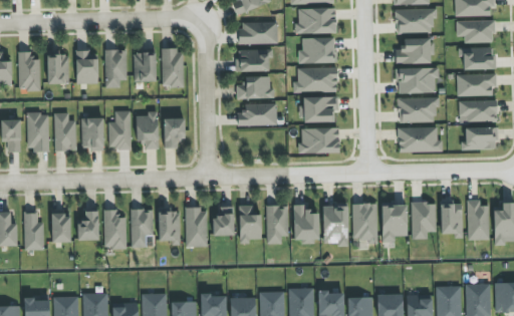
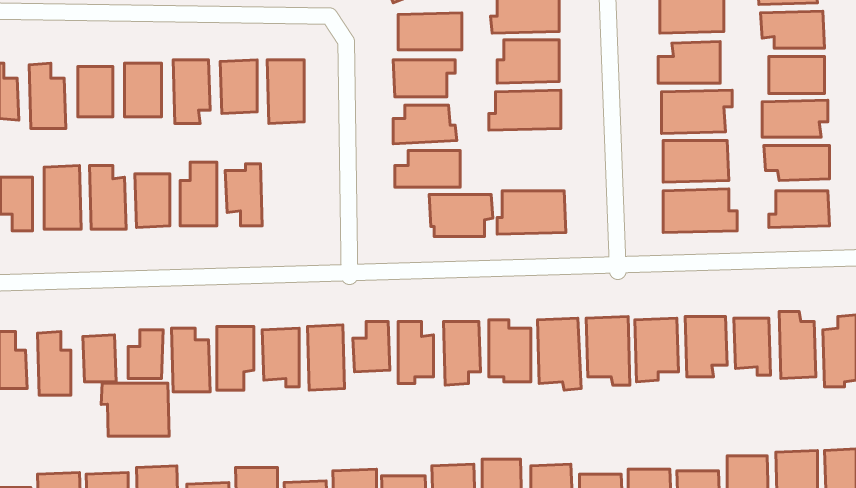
building: [300,96,338,121] -> [429,195,493,237]
building: [163,117,185,147] -> none
building: none -> [101,383,169,436]

